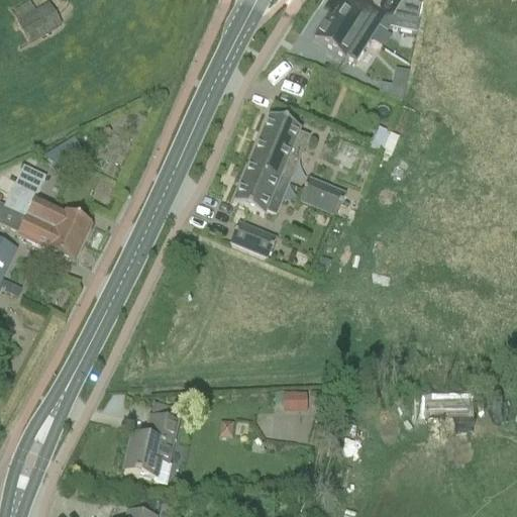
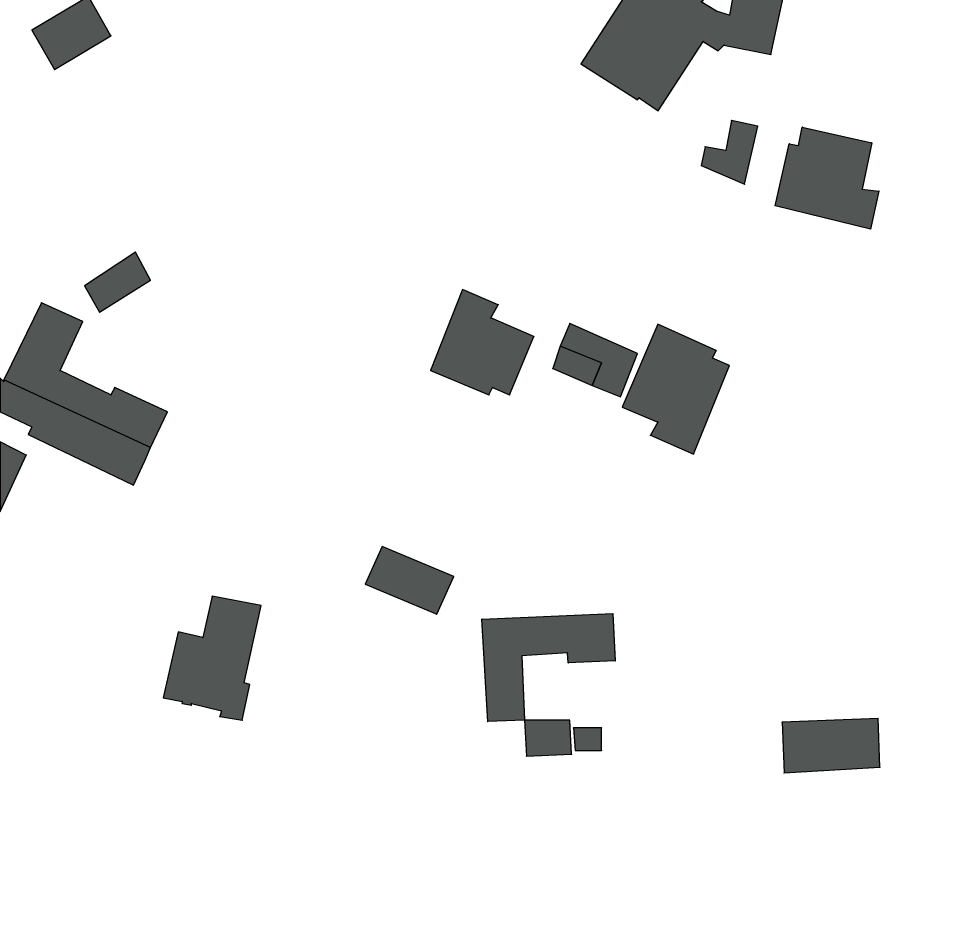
building: none -> [775,127,879,229]
building: [250,111,308,181] -> [622,324,729,454]
building: [228,218,276,254] -> [365,547,454,614]
building: none -> [482,614,615,722]
building: [124,415,177,482] -> [163,596,261,720]

